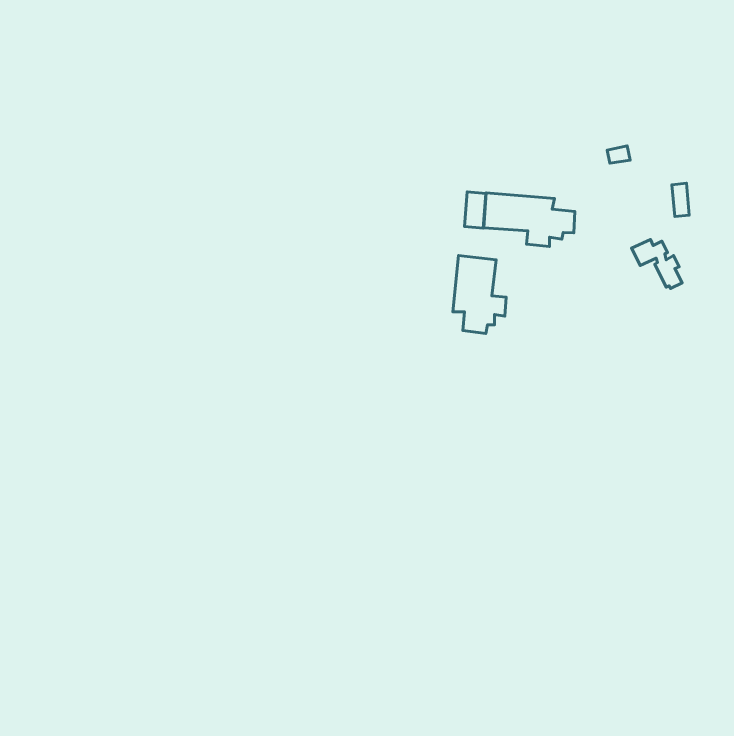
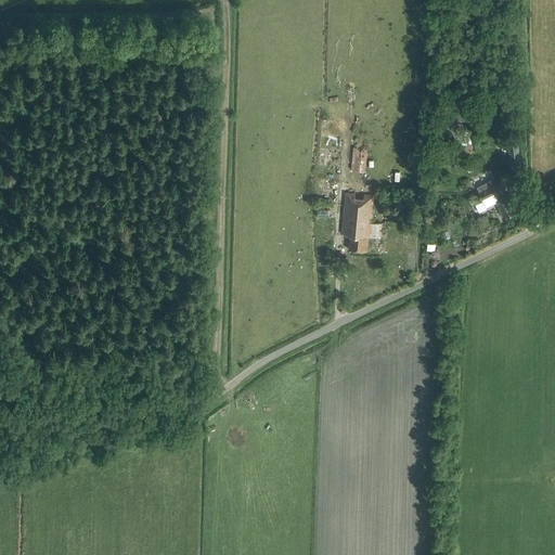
building: [484,193,575,247] -> none

